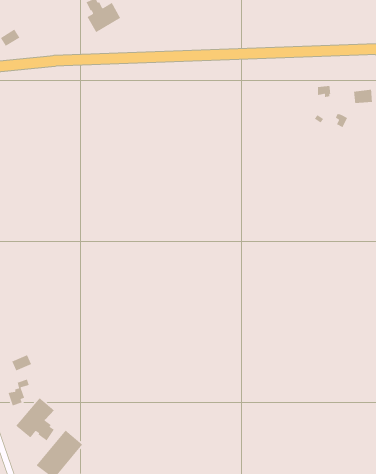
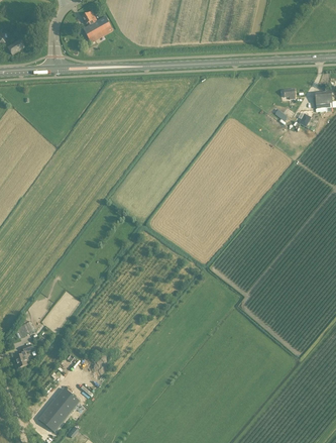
building: [15,397,55,441] -> none

